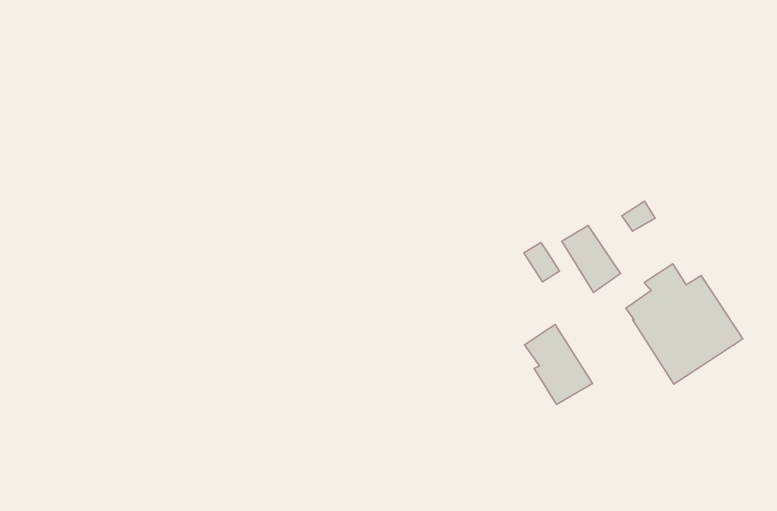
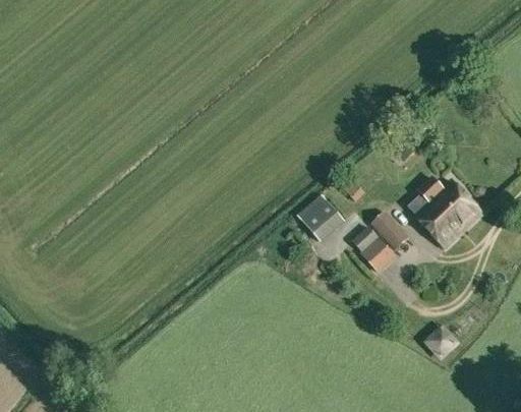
building: [562,226,621,293] -> [370,211,409,250]
building: none -> [297,194,344,242]

